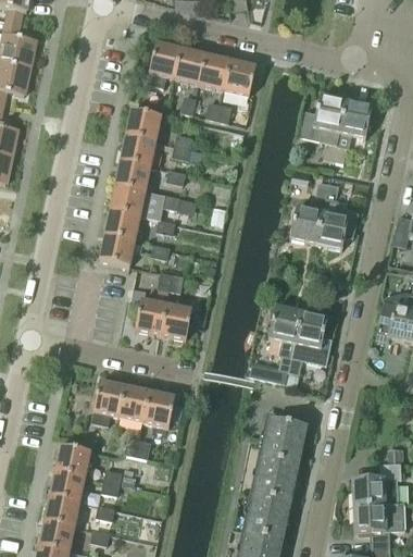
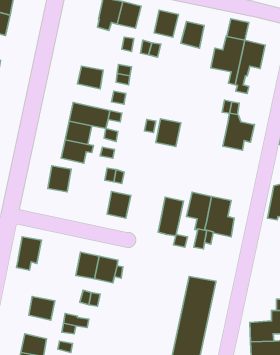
building: [199,54,230,90] -> [181,21,204,48]
building: none -> [227,19,249,40]
building: [126,109,161,140] -> none
building: [115,159,151,190] -> none
building: [289,206,323,243] -> [156,119,181,146]
building: [135,299,166,334] -> [48,166,71,192]
building: none -> [158,197,183,236]
building: [91,381,125,425] -> [17,237,42,270]
building: [50,470,85,502] -> none

